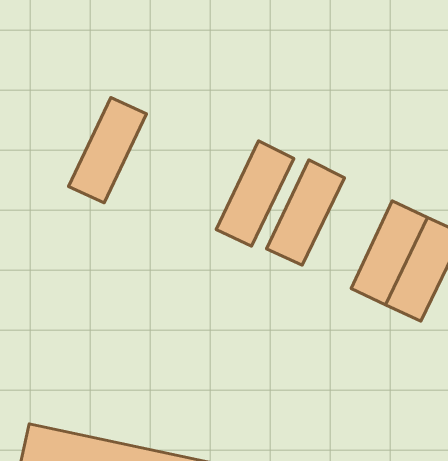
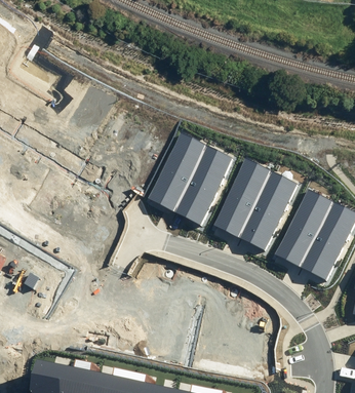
building: [69,98,146,203] -> [148,132,206,211]
building: none -> [239,172,298,250]

